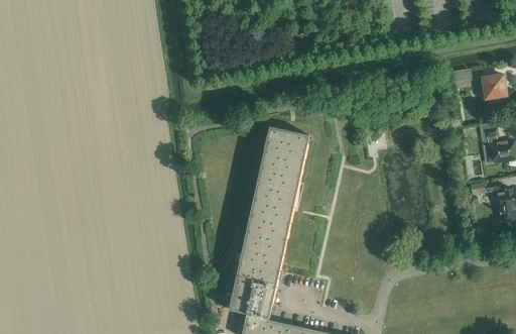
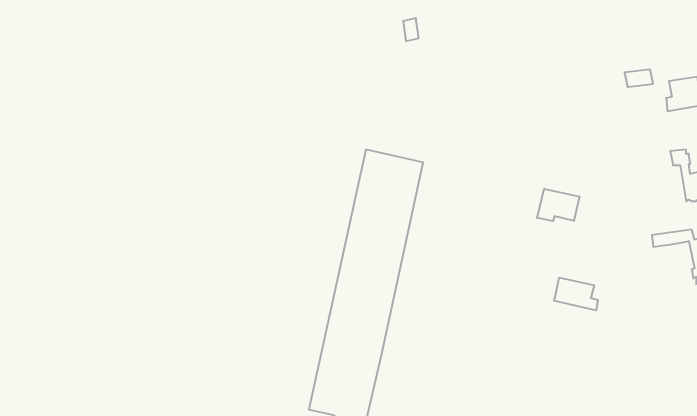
building: none -> [537,189,579,221]
building: none -> [554,278,598,310]

